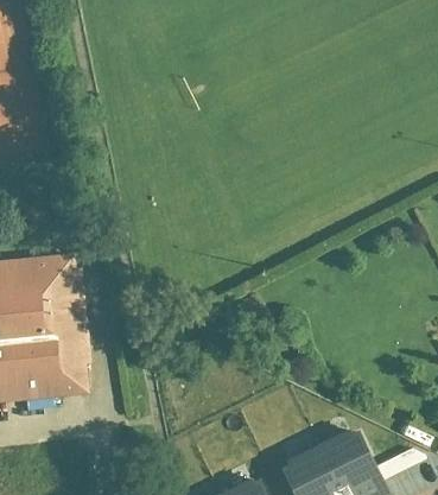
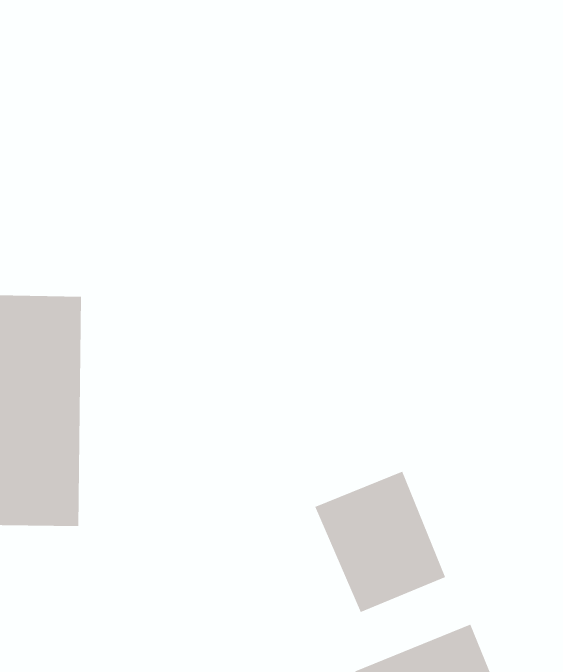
building: none -> [315,471,446,613]

